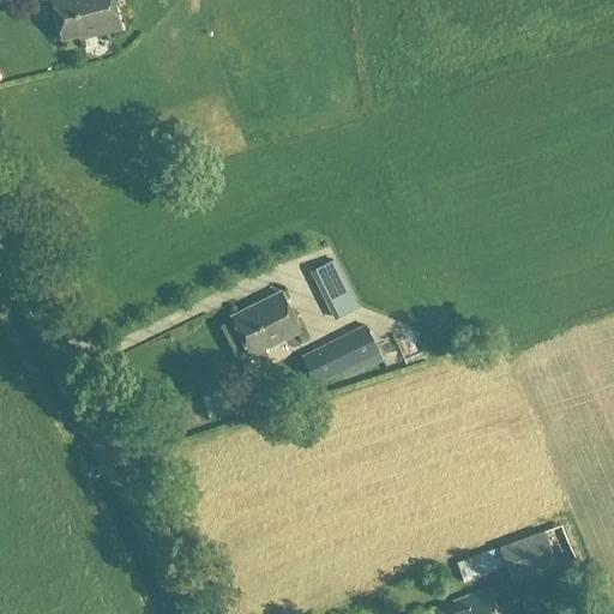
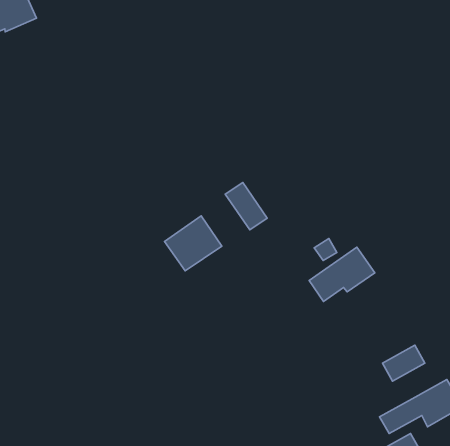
building: [302,325,381,384] -> [309,247,375,302]
building: none -> [382,345,425,381]

